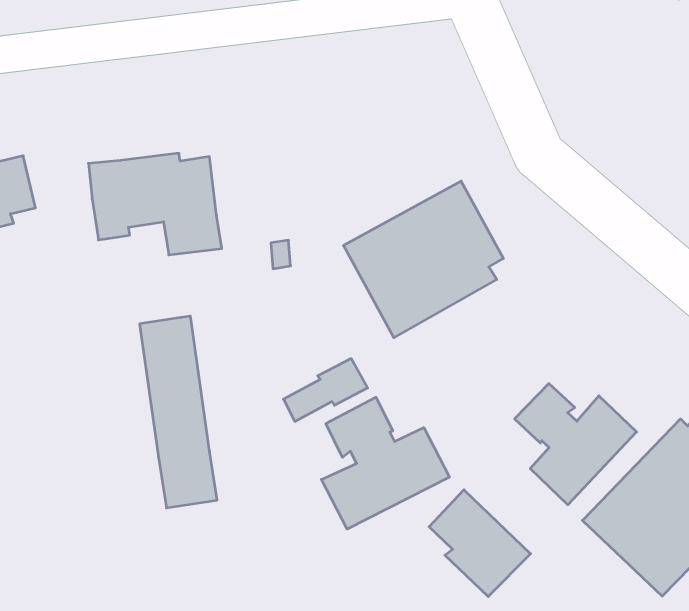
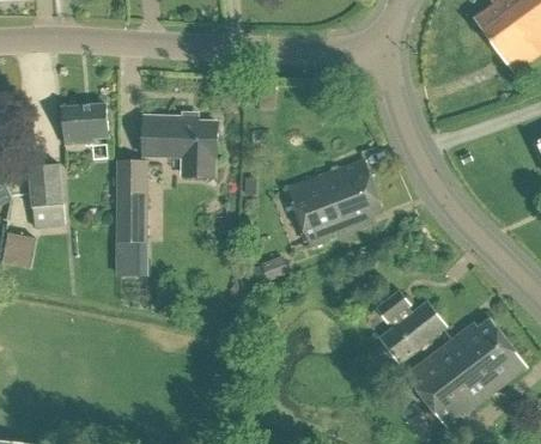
building: [140,316,217,508] -> [115,162,147,274]
building: [321,397,449,529] -> none
building: [429,490,531,597] -> none

